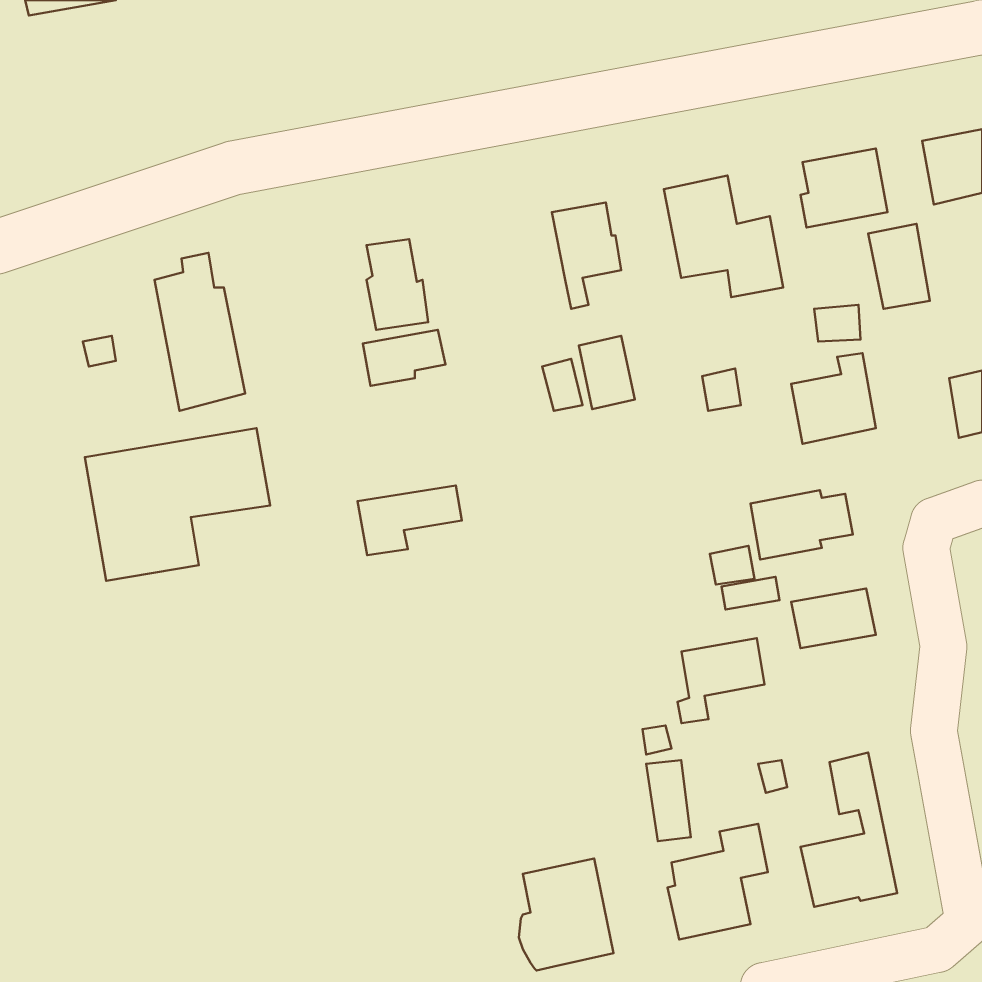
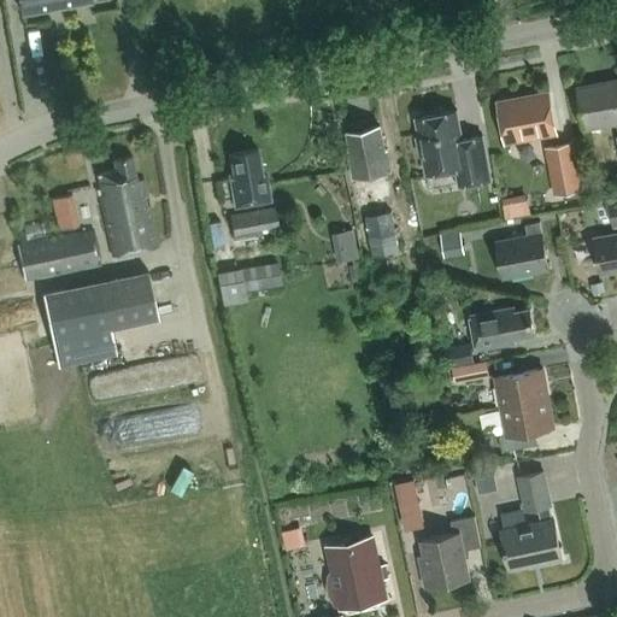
building: none -> [14,230,98,283]
building: [358,486,462,555] -> [213,264,278,307]
building: [678,638,764,723] -> [498,399,552,452]

